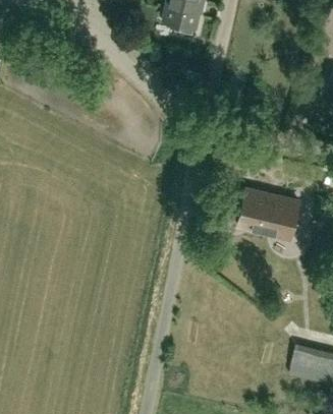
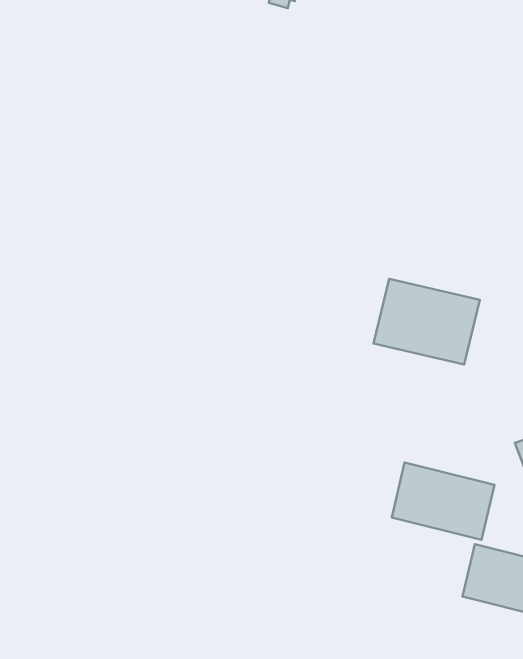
building: none -> [392,462,494,540]

